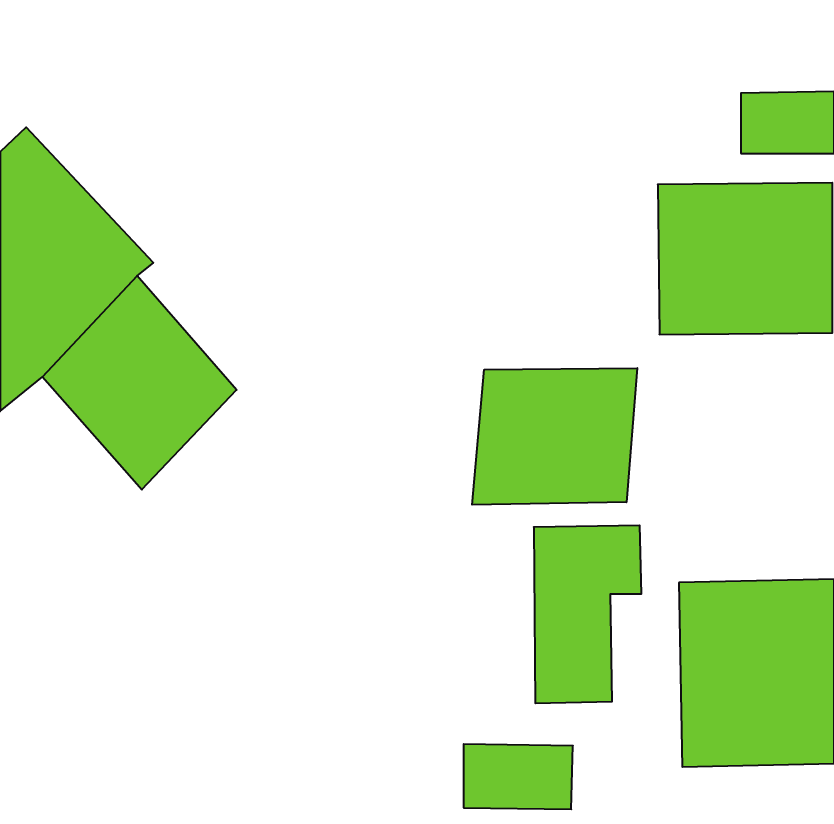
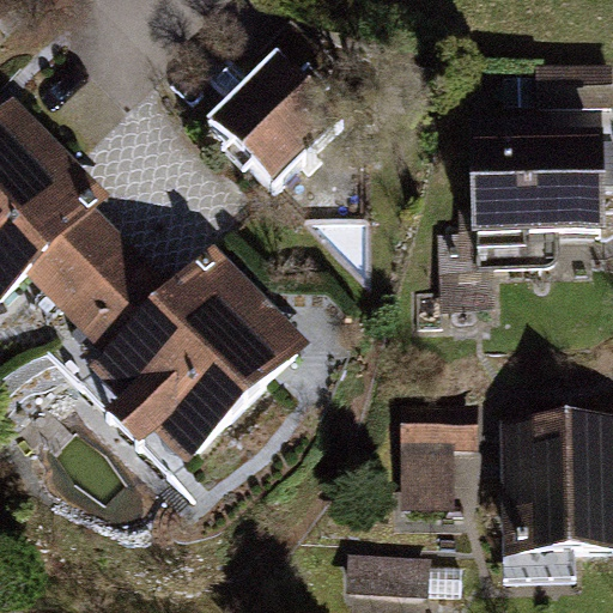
building: none -> [211,54,342,186]
building: none -> [87,249,311,474]
building: [472,368,637,505] -> none

